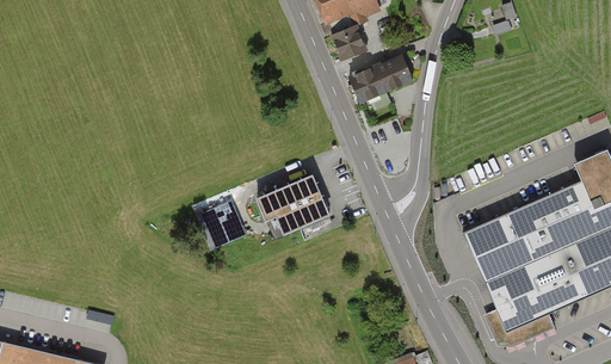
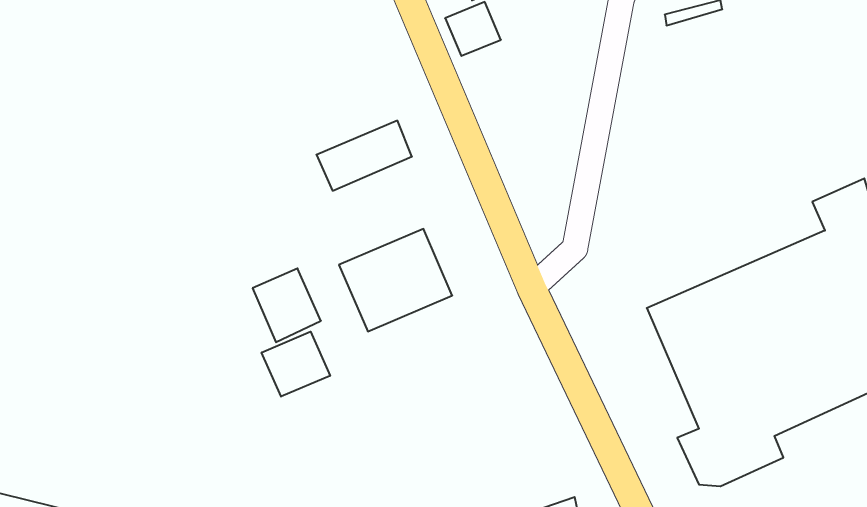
building: [348,55,412,101] -> [316,121,412,191]
building: none -> [262,332,330,397]

